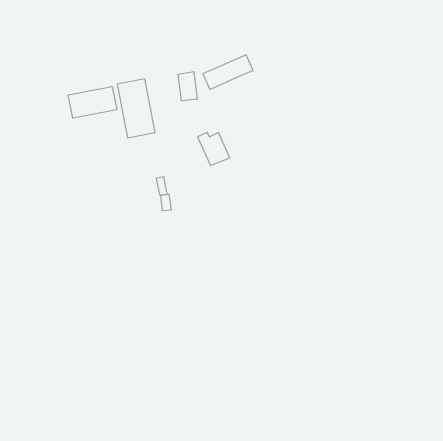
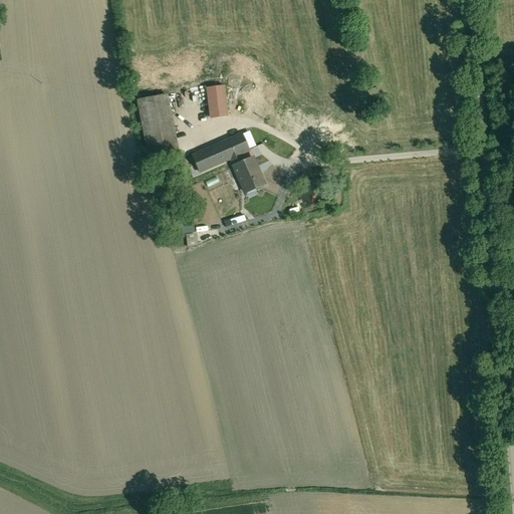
building: [203,55,253,89] -> [192,132,250,172]
building: [68,86,117,118] -> none

